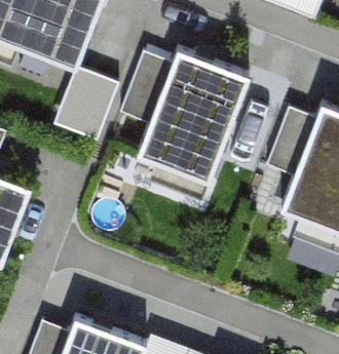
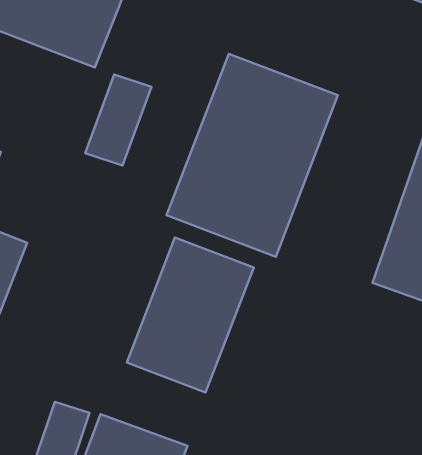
building: none -> [127,237,254,393]

